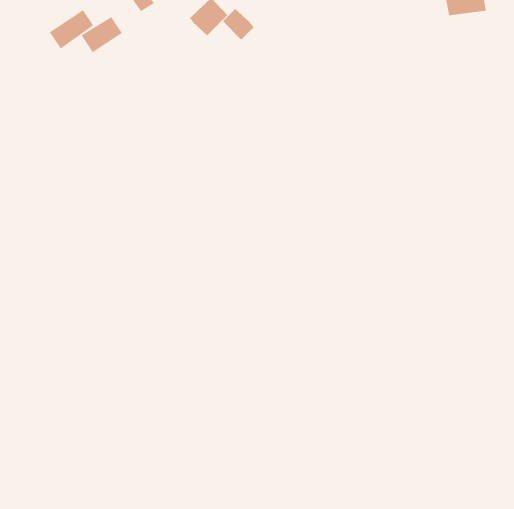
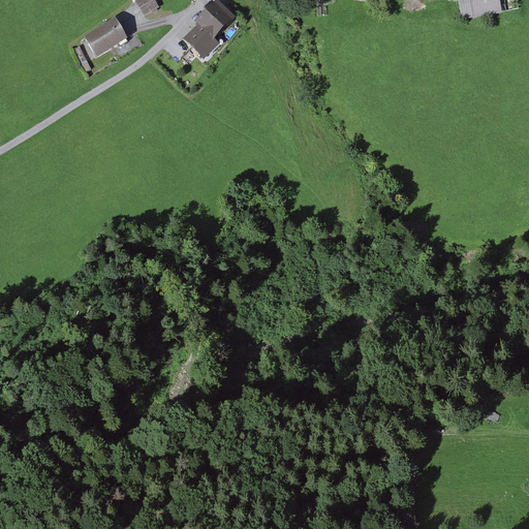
building: [222,8,254,40] -> [184,23,217,56]
building: [49,9,94,50] -> none

